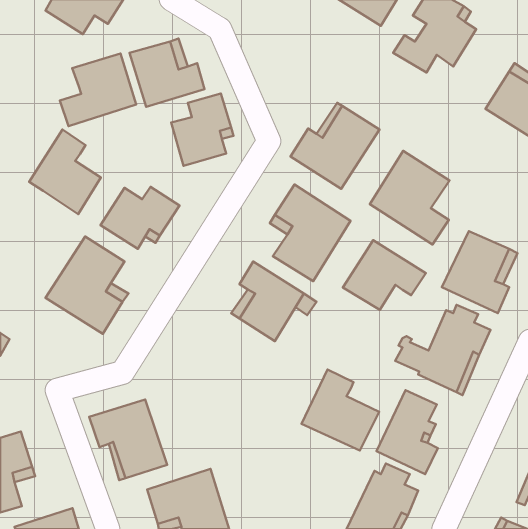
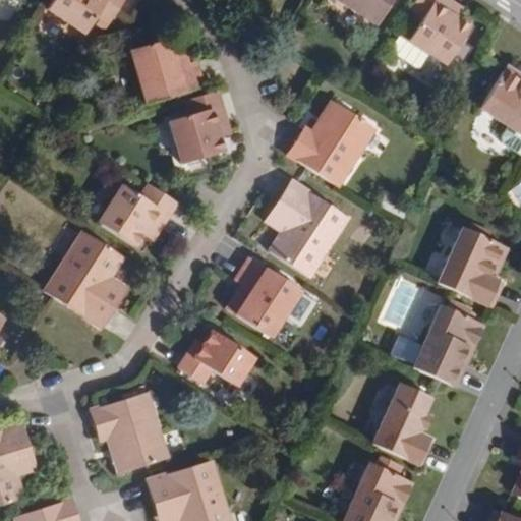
building: [60,54,136,126] -> none
building: [29,130,101,214] -> none
building: [370,151,449,244] -> none
building: [343,240,426,310] -> none
building: none -> [180,330,253,385]
building: [302,369,379,450] -> none

